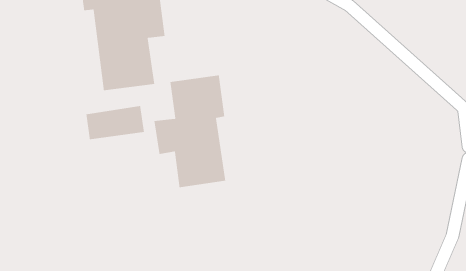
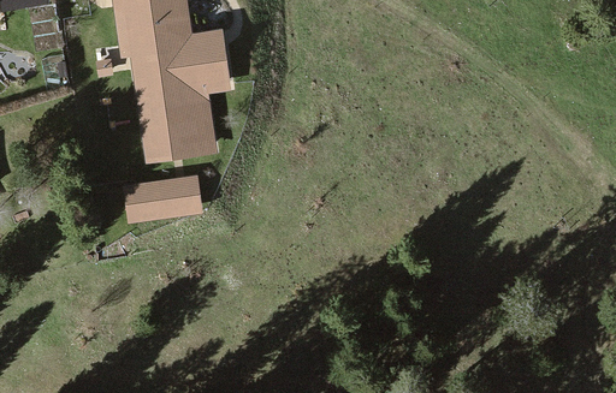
building: [154,74,226,188] -> none

